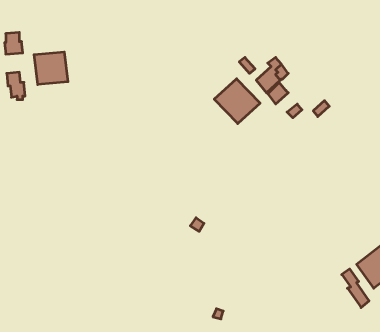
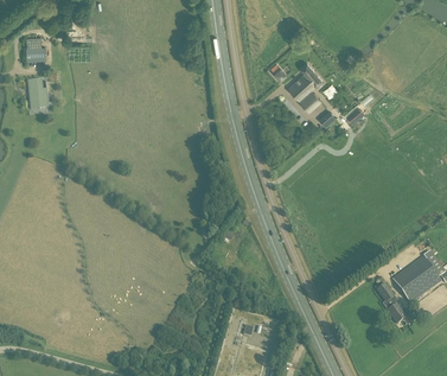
building: [34,52,68,85] -> none
building: [214,79,260,124] -> none

